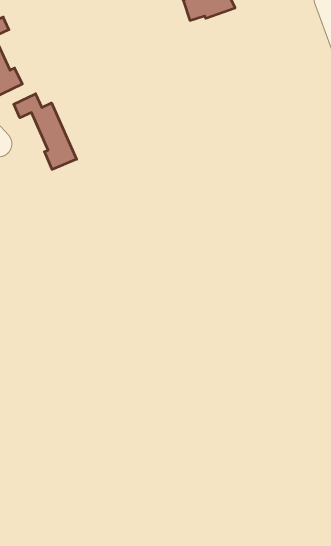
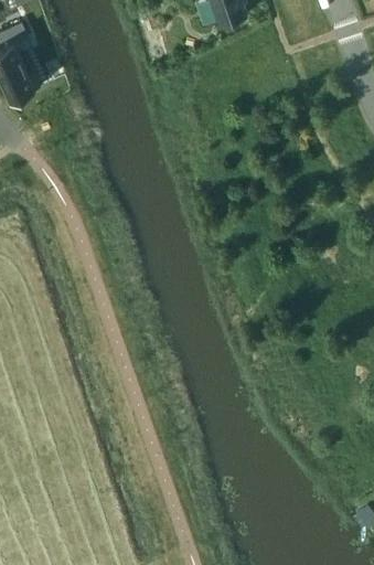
building: [14,94,77,169] -> none

